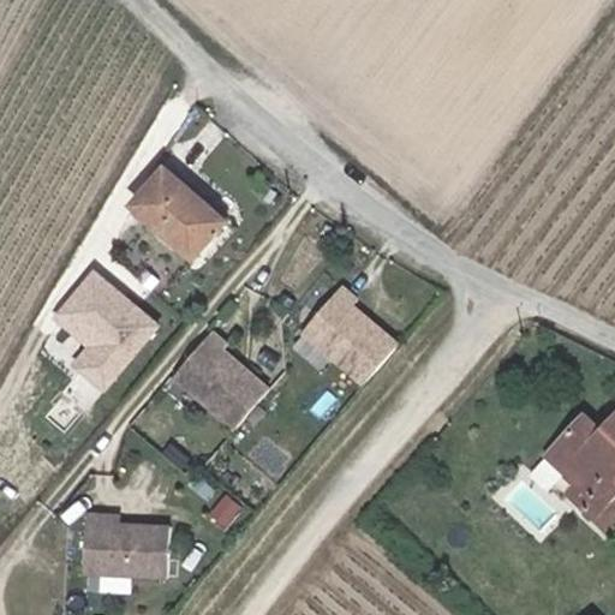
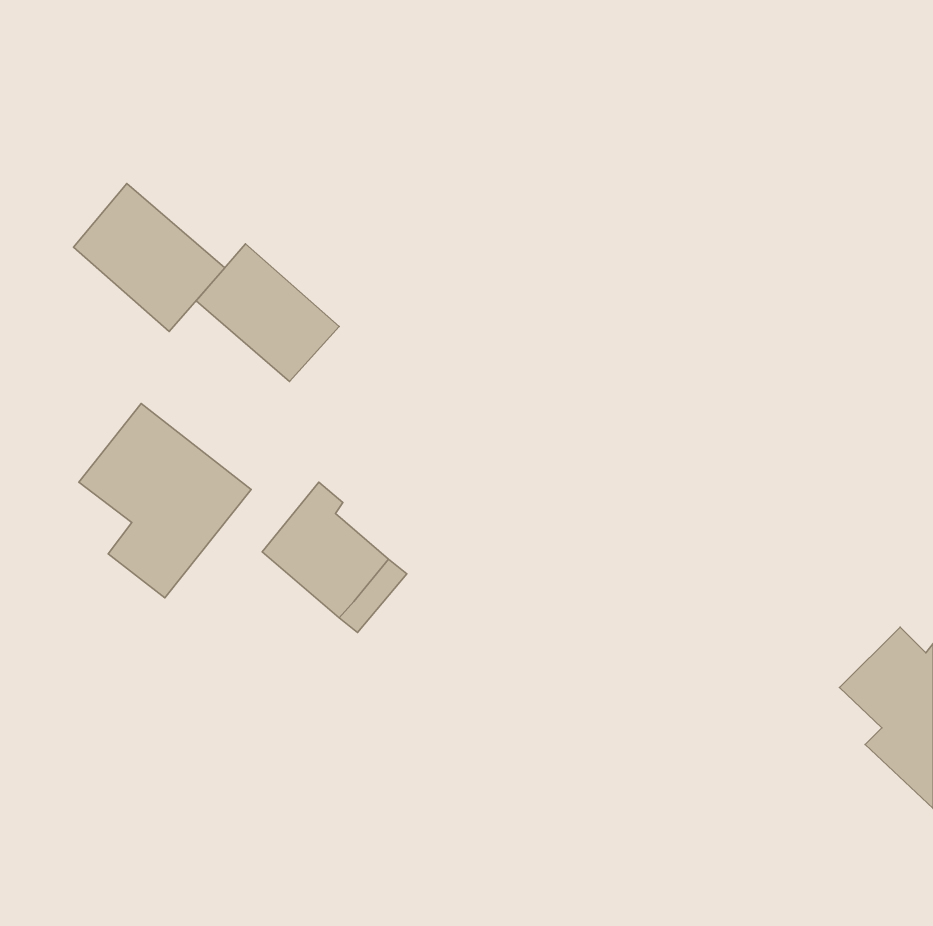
building: none -> [73,184,225,332]
building: [300,279,394,377] -> none
building: [83,517,169,581] -> none

